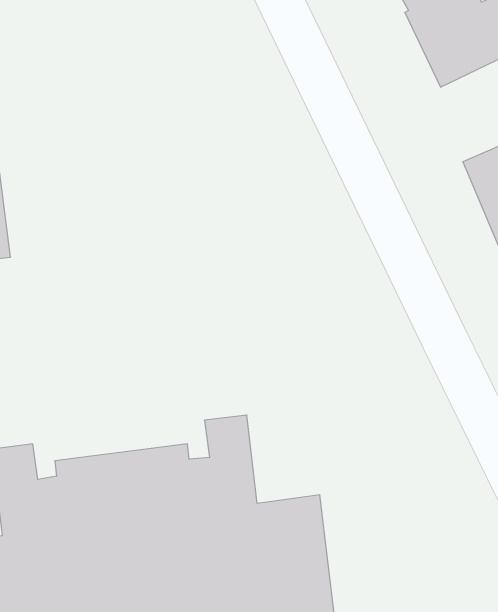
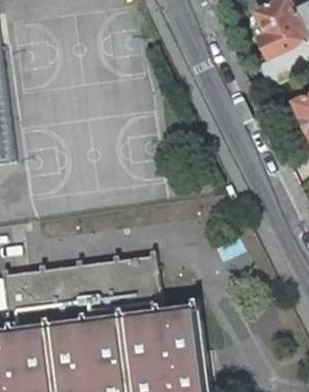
building: none -> [27,260,133,296]

